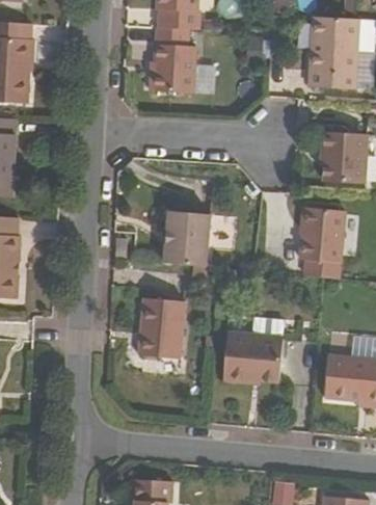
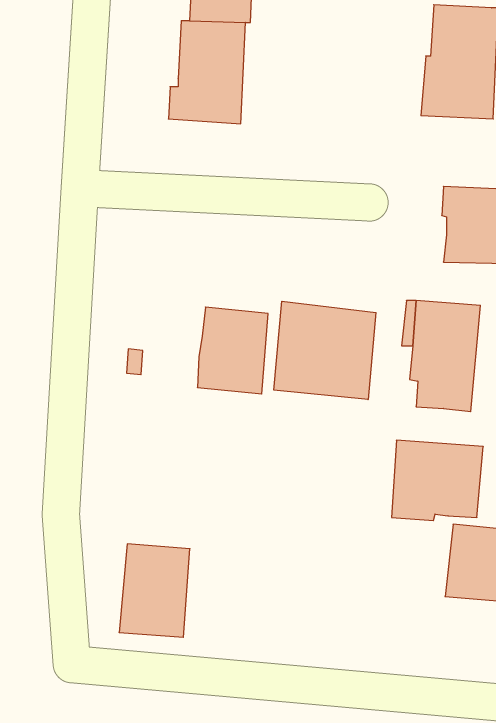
building: none -> [274,301,376,400]
building: [143,295,189,355] -> [119,544,190,637]
building: [222,331,281,383] -> [392,440,483,521]

